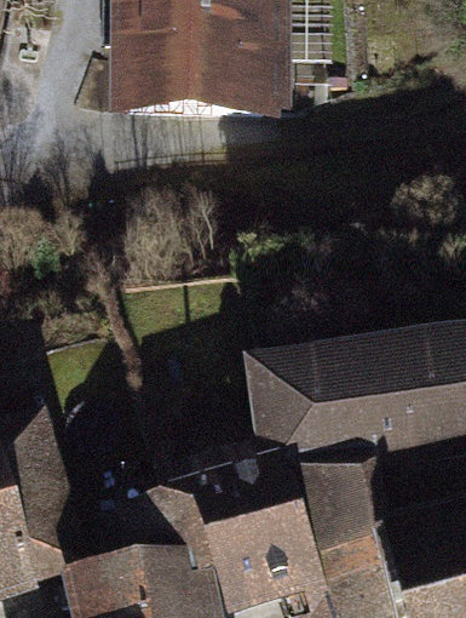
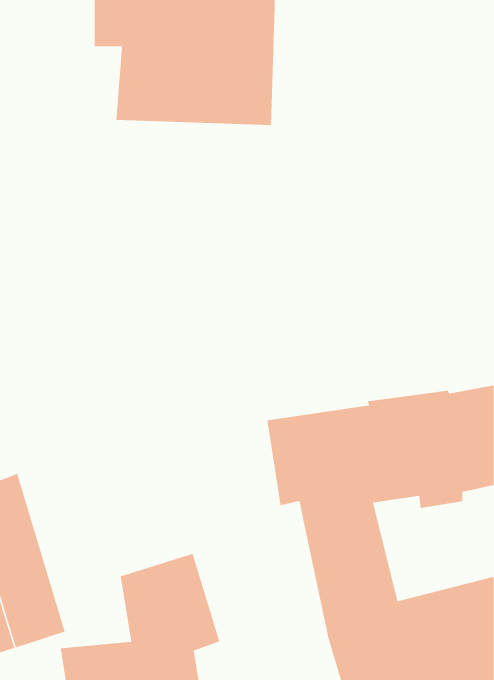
building: [195,467,315,601] -> none

